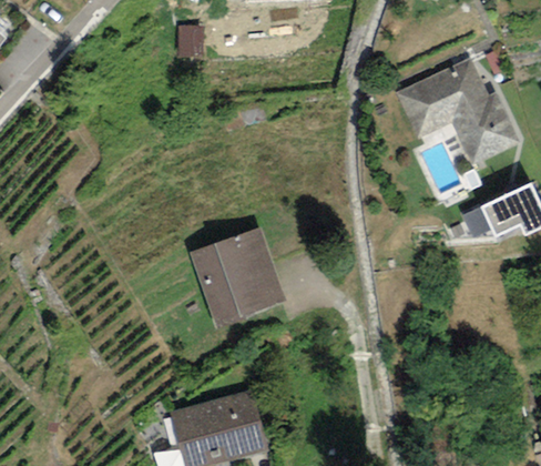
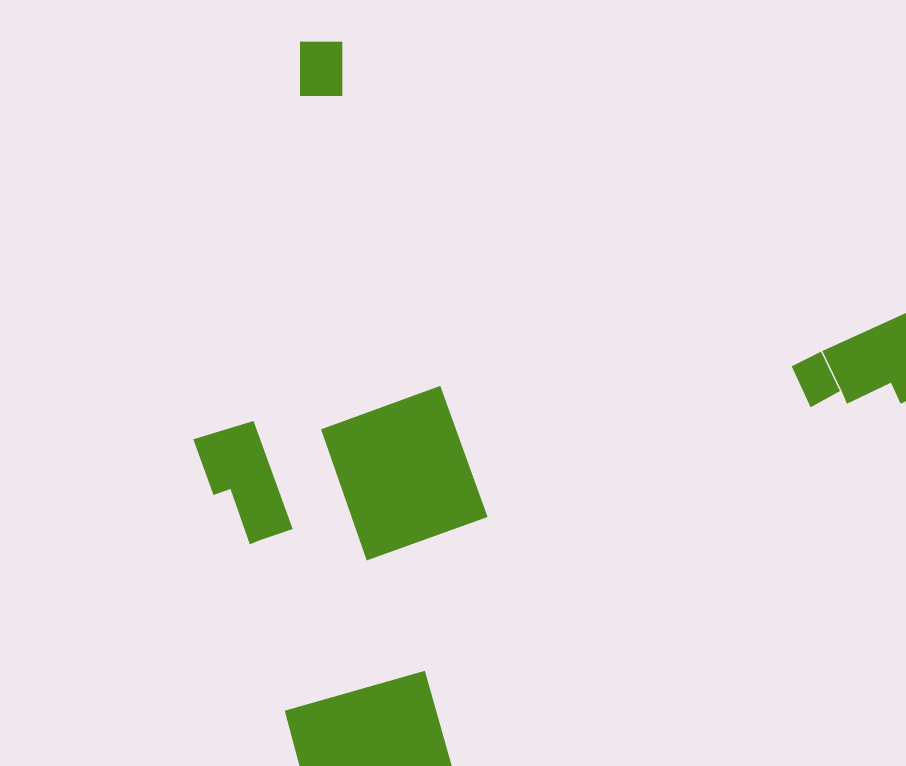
building: [396,58,518,165] -> none
building: none -> [192,420,294,545]

